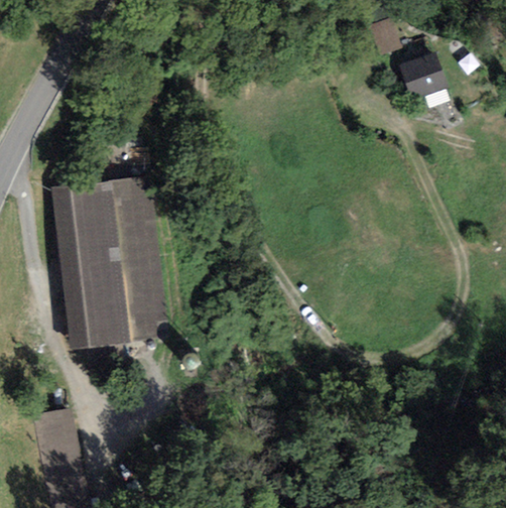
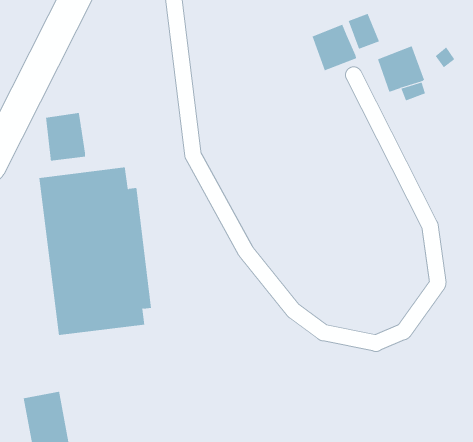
building: none -> [312,24,357,71]
building: none -> [46,112,86,162]

